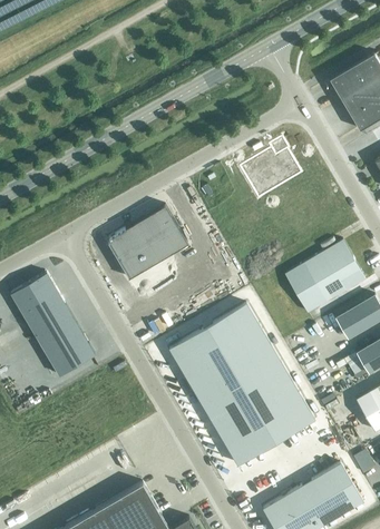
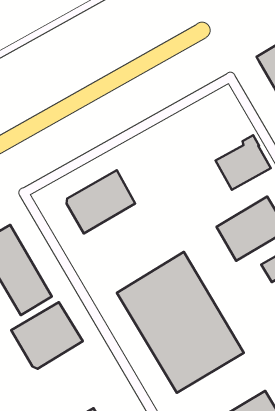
building: [238,137,302,199] -> [215,135,271,190]
building: none -> [11,302,83,369]

